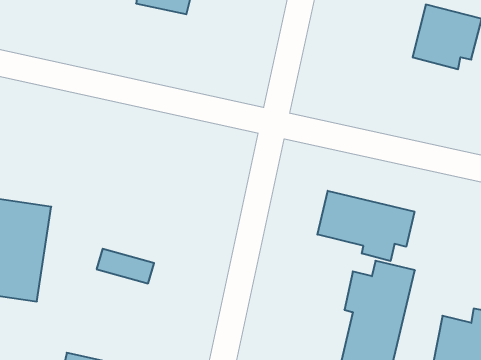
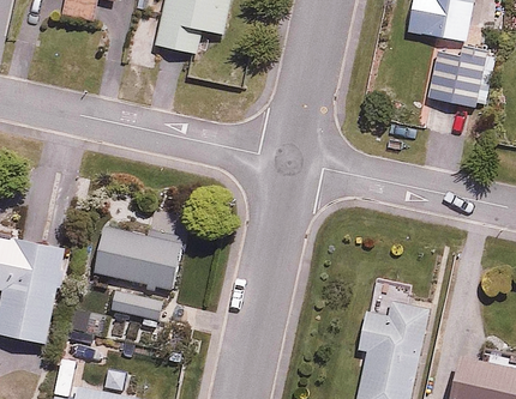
building: none -> [94,214,185,294]
building: [317,191,414,261] -> none

